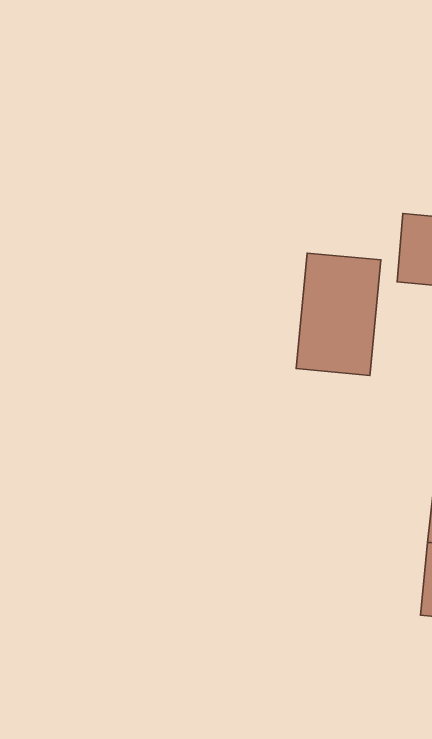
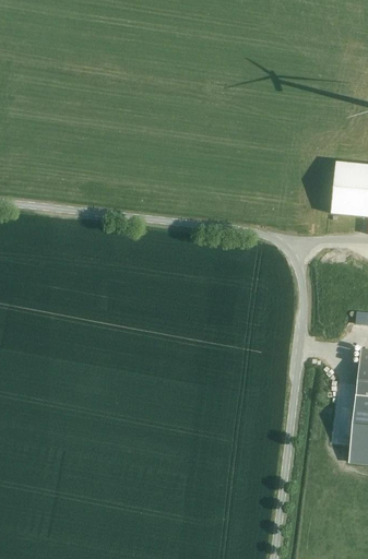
building: [296,253,381,375] -> none

